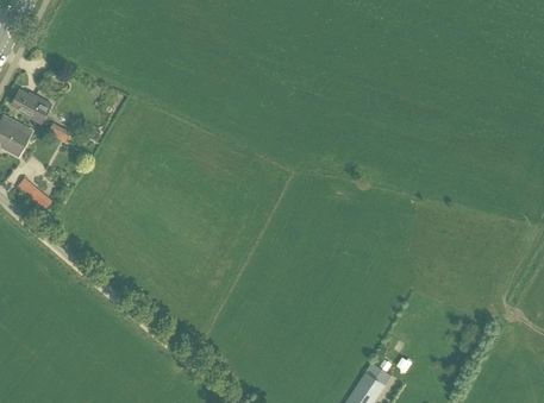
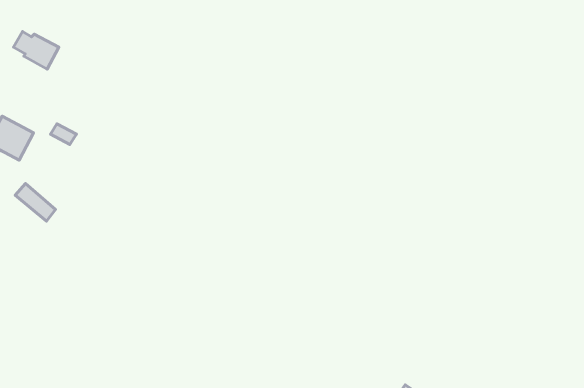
building: [11,89,52,124] -> [13,32,59,69]

